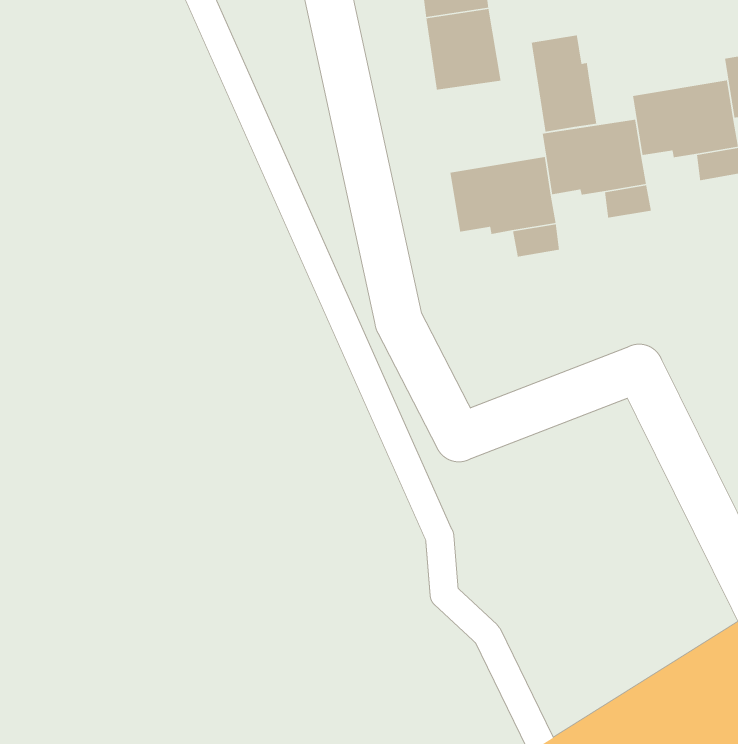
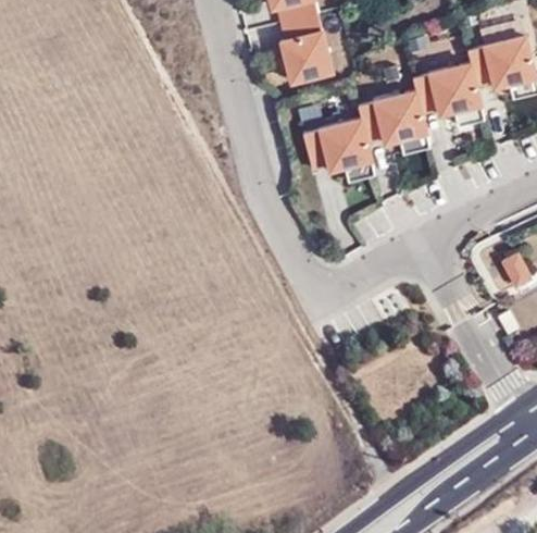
building: [531,35,597,133] -> none

